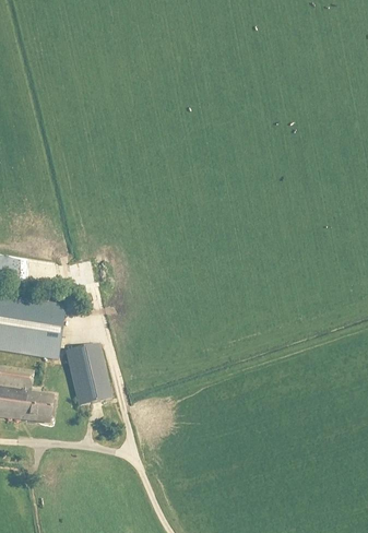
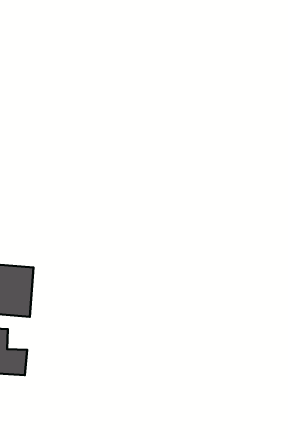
building: [66,344,111,405] -> none

